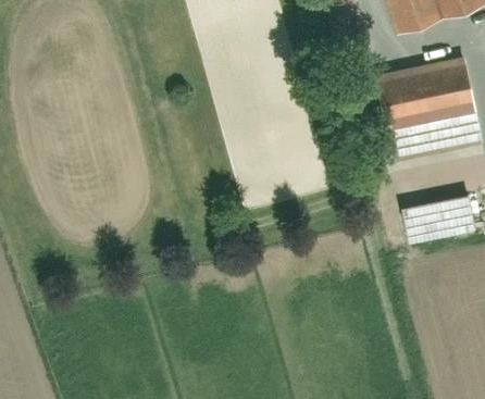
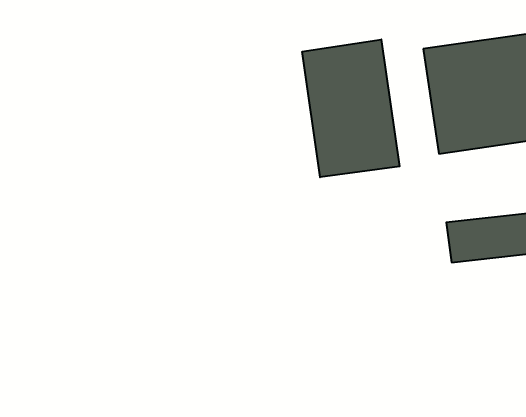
building: none -> [302,39,400,177]

